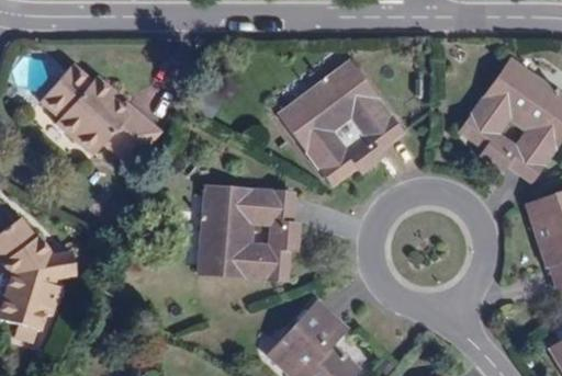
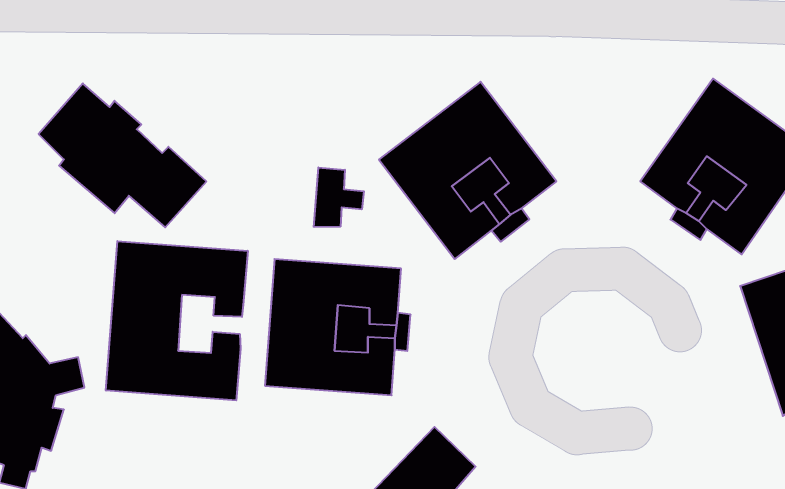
building: none -> [314,167,364,227]
building: none -> [106,241,248,400]

